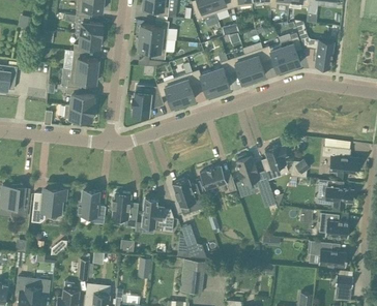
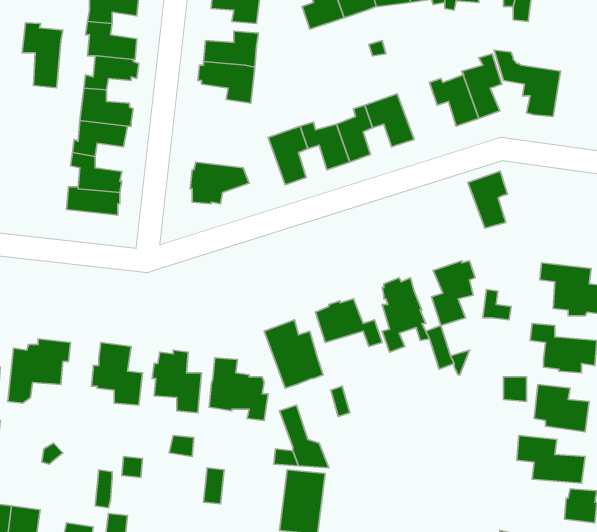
building: none -> [22,23,63,88]
building: [244,49,266,80] -> [468,171,508,228]
building: [156,79,183,108] -> none

